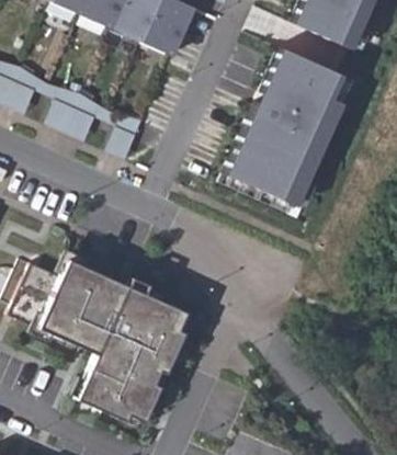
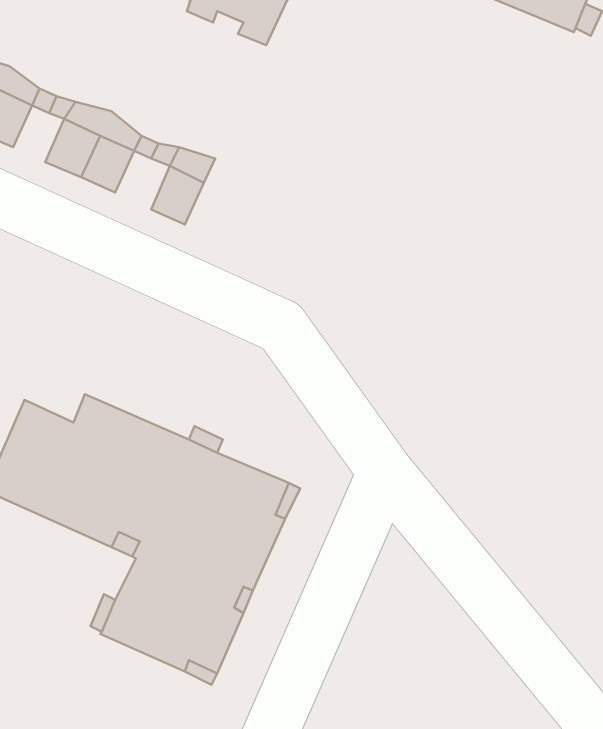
building: [230,48,353,206] -> none

